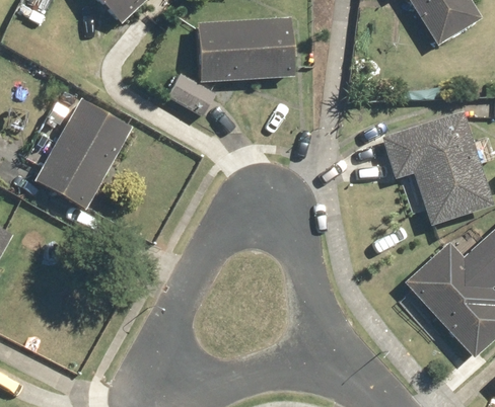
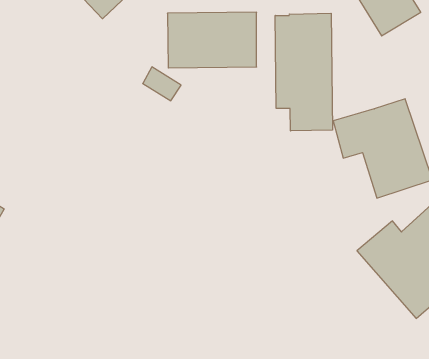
building: none -> [275,13,332,131]
building: [43,102,130,204] -> none

